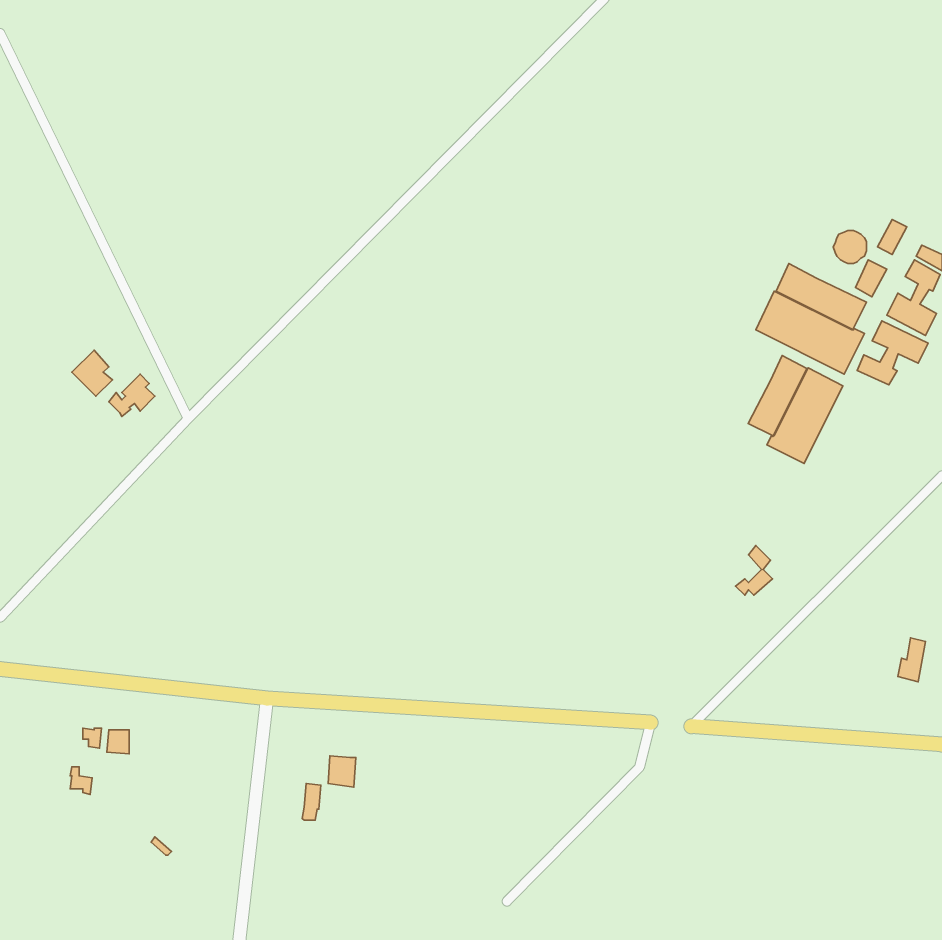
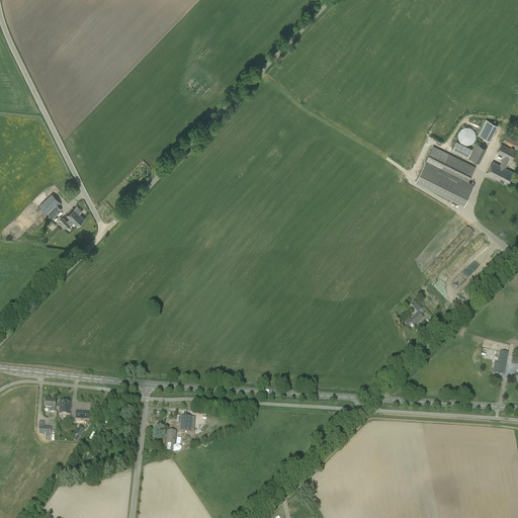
building: [857,321,928,385] -> none
building: [748,355,843,463] -> none

